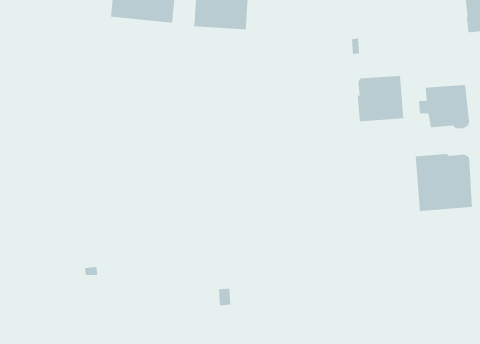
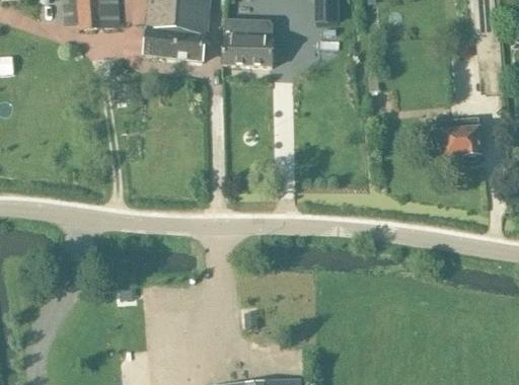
building: [357,75,404,122] -> none
building: [415,153,473,212] -> none

